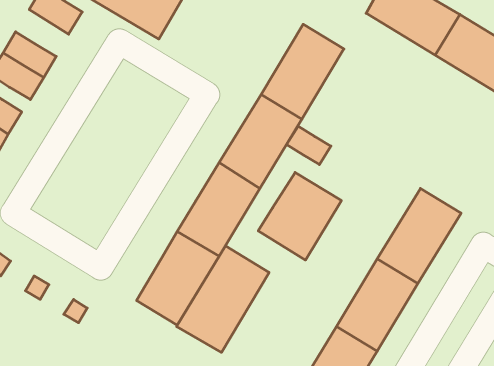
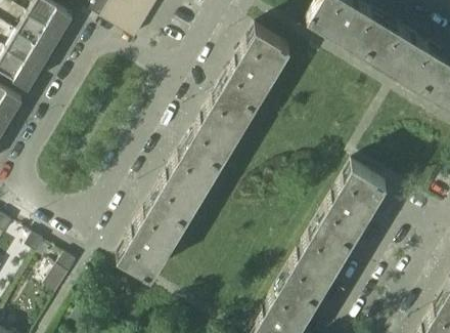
building: none -> [19,18,63,57]
building: [287,126,331,165] -> none
building: [258,172,341,260] -> none
building: [177,246,269,352] -> none

